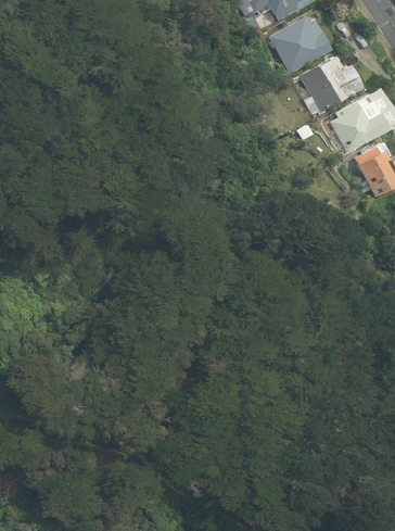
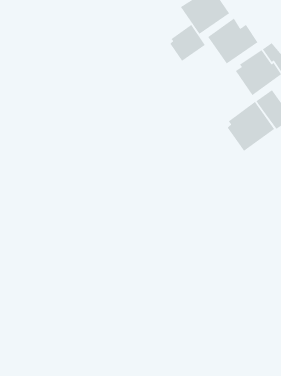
building: none -> [170,24,206,62]
building: none -> [227,101,275,152]

